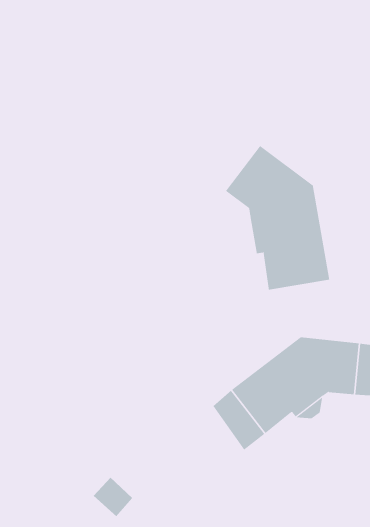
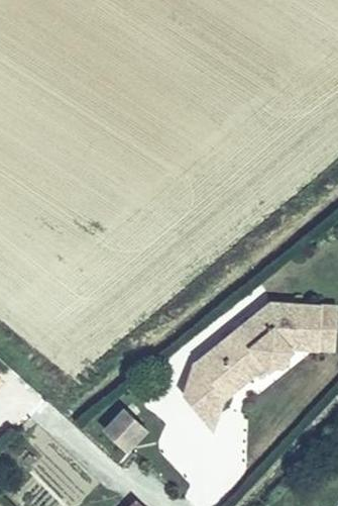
building: [225,145,330,290] -> none
building: none -> [187,359,228,426]

